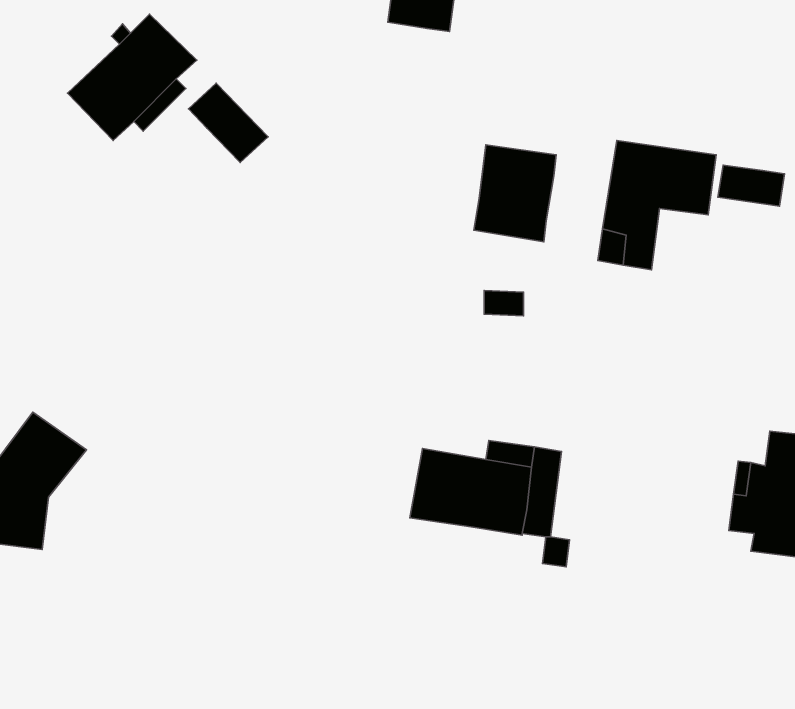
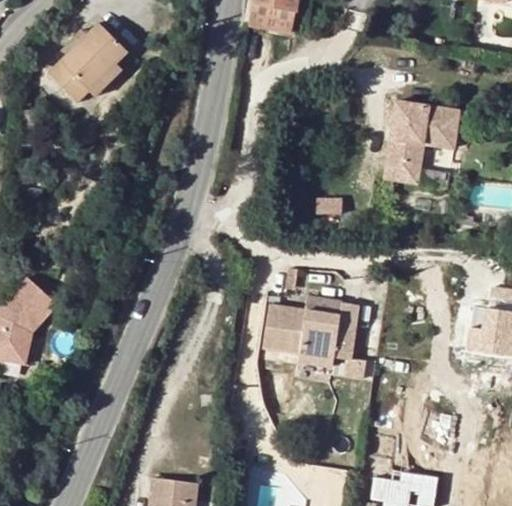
building: [188,83,268,163] -> none
building: [474,145,556,242] -> none
building: [718,165,785,206] -> none

